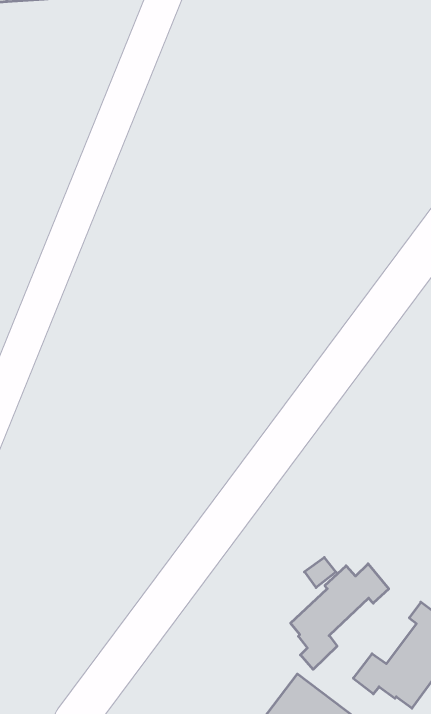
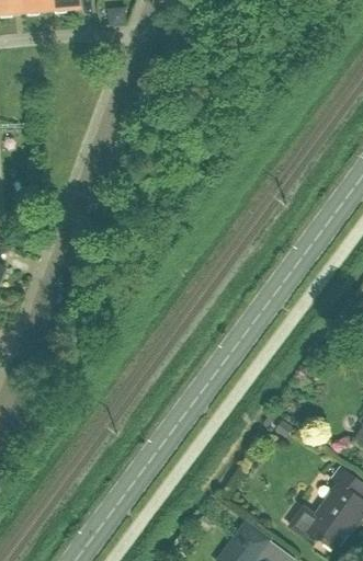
building: [291,564,389,669] -> none

